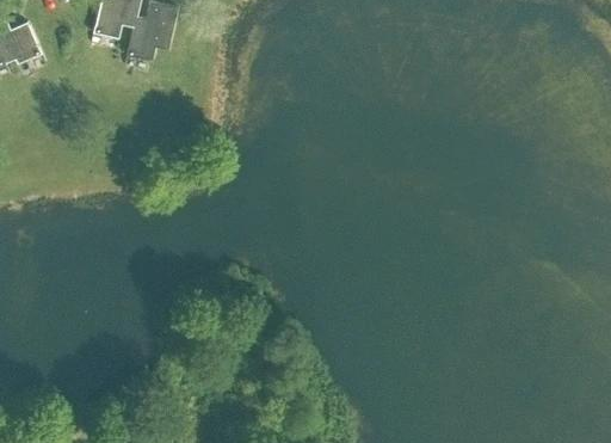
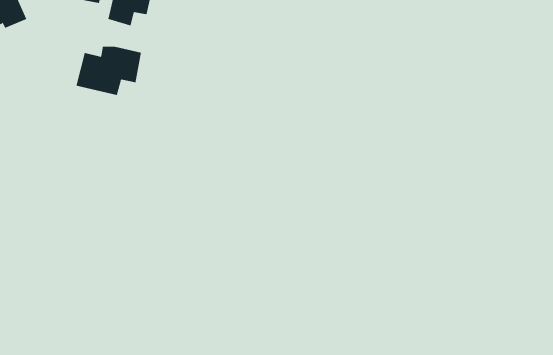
building: none -> [76,46,141,96]

